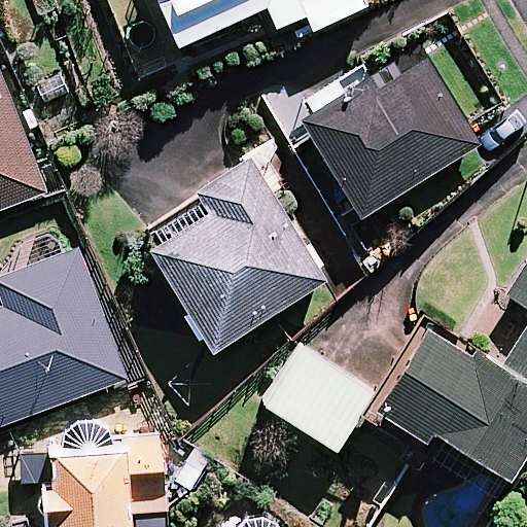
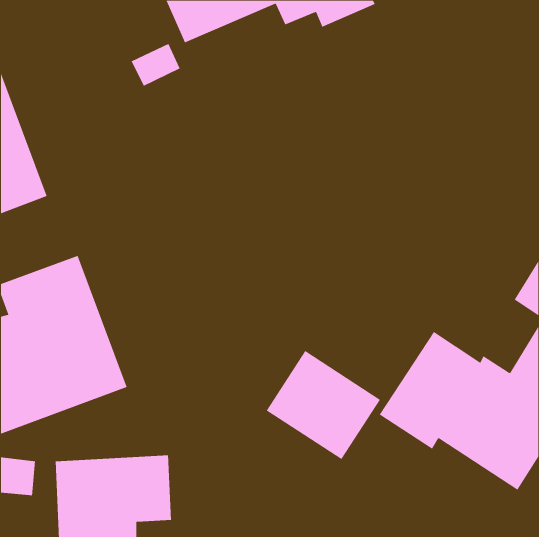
building: [304,61,479,217] -> none
building: [142,164,326,350] -> none

